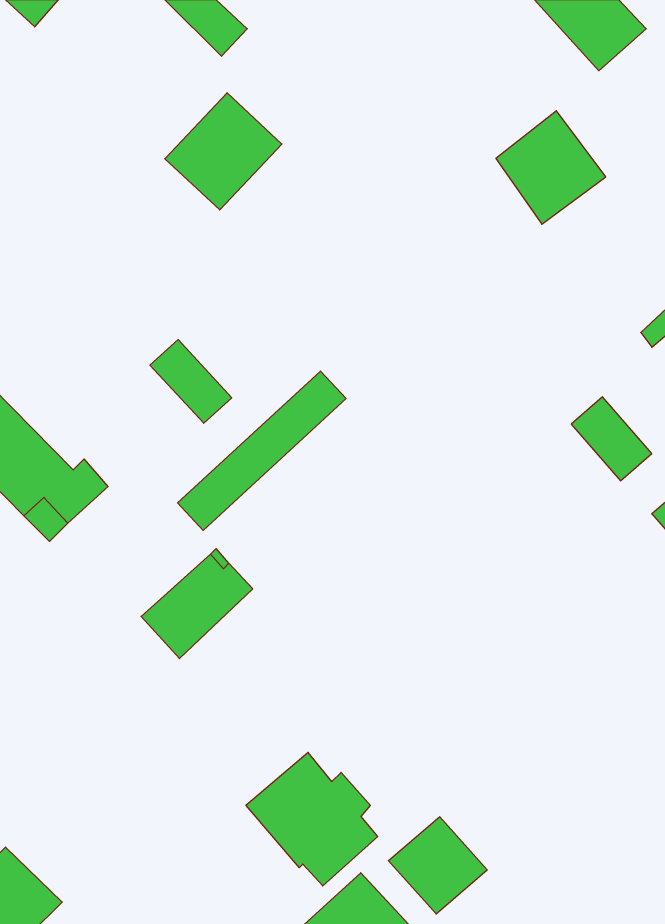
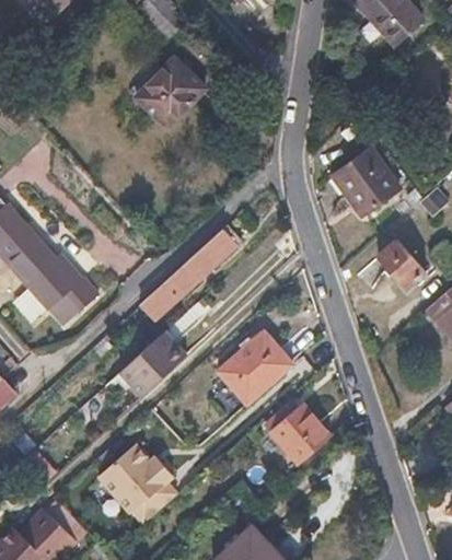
building: [496,111,606,224] -> [332,151,397,219]
building: [150,340,232,423] -> none
building: none -> [221,330,292,399]
building: [246,752,378,886] -> [97,443,176,523]
building: [388,817,487,914] -> [273,404,332,462]

